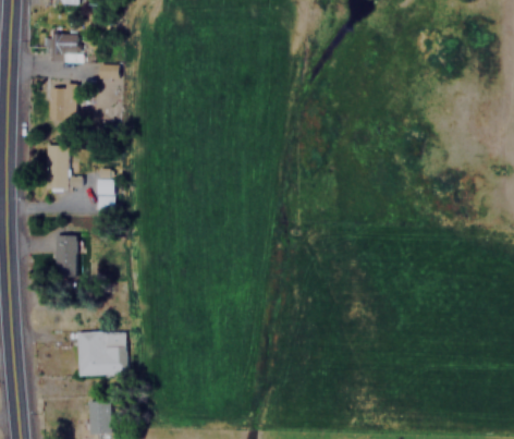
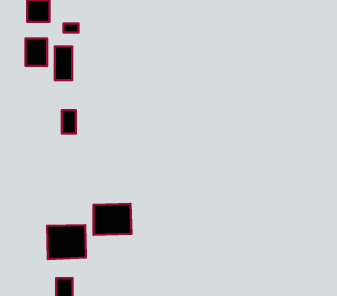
building: [46,145,69,190] -> [55,46,72,80]
building: [54,224,77,277] -> none
building: none -> [93,204,131,235]

